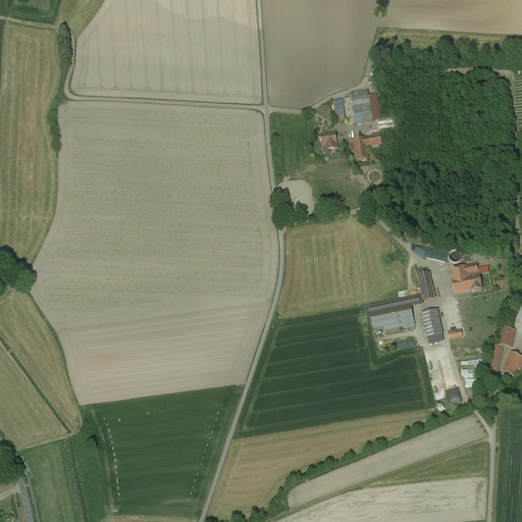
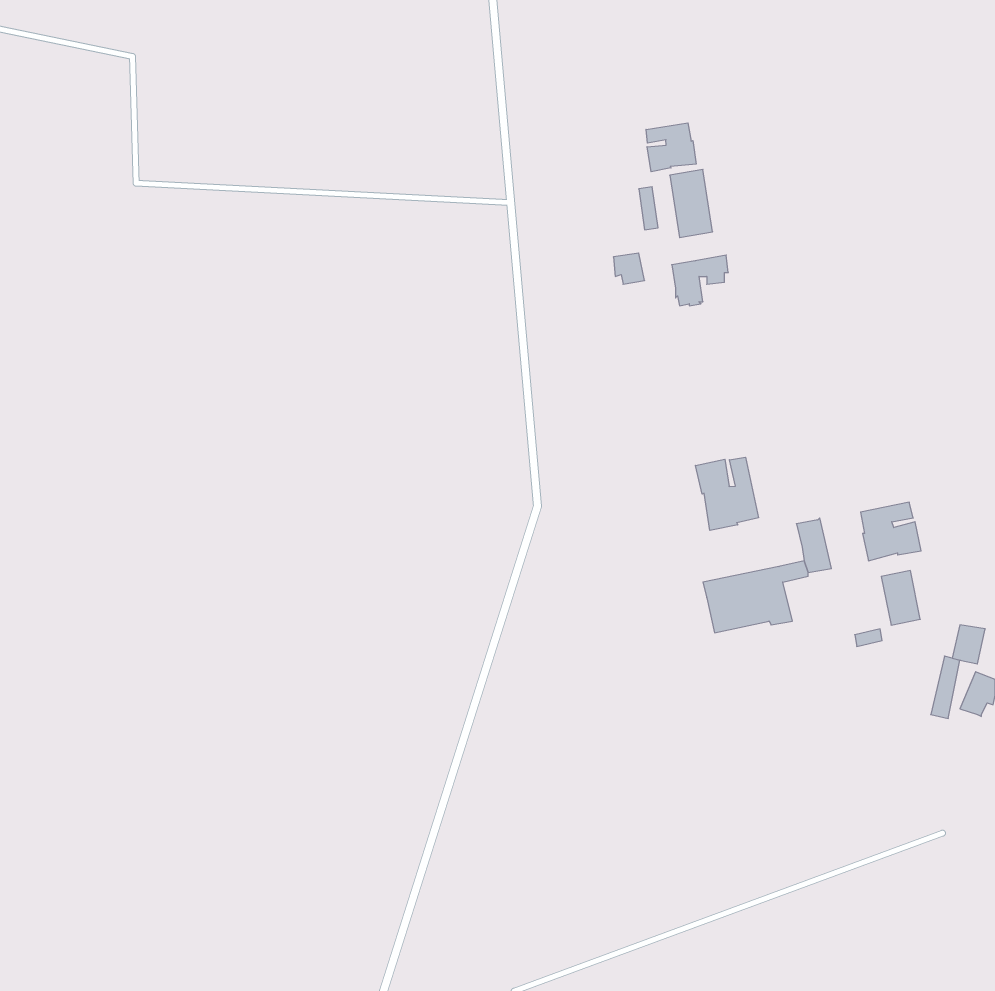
building: none -> [646,123,696,172]
building: none -> [695,457,758,530]
building: [422,308,442,336] -> [881,571,920,625]

